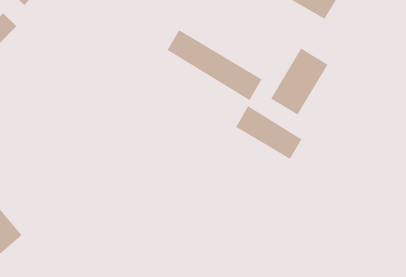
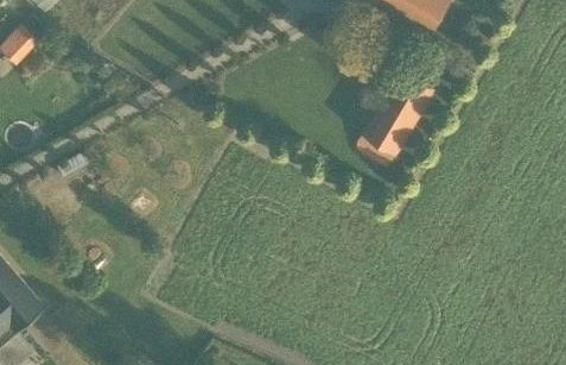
building: [166,29,262,101] -> none
building: [235,105,302,160] -> none

